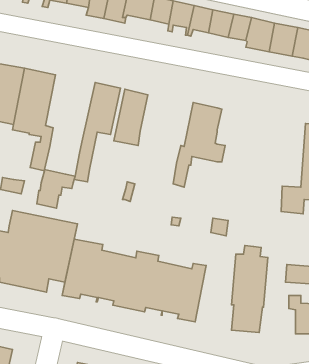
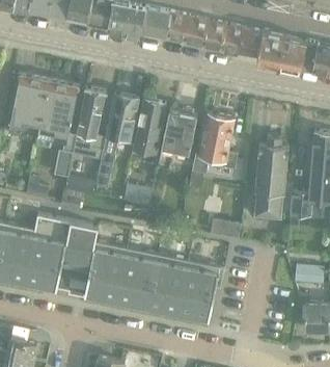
building: none -> [72,88,105,161]
building: none -> [157,108,196,169]
building: [232,245,268,332] -> [253,137,287,219]

